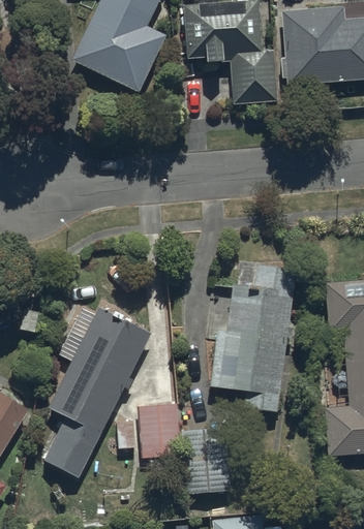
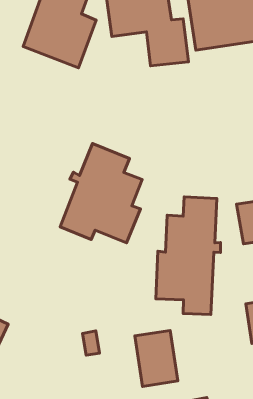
building: none -> [60,144,142,243]
building: [39,307,146,474] -> none
building: [139,406,180,460] -> none

